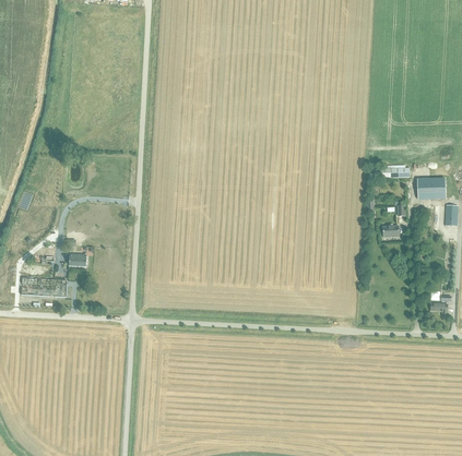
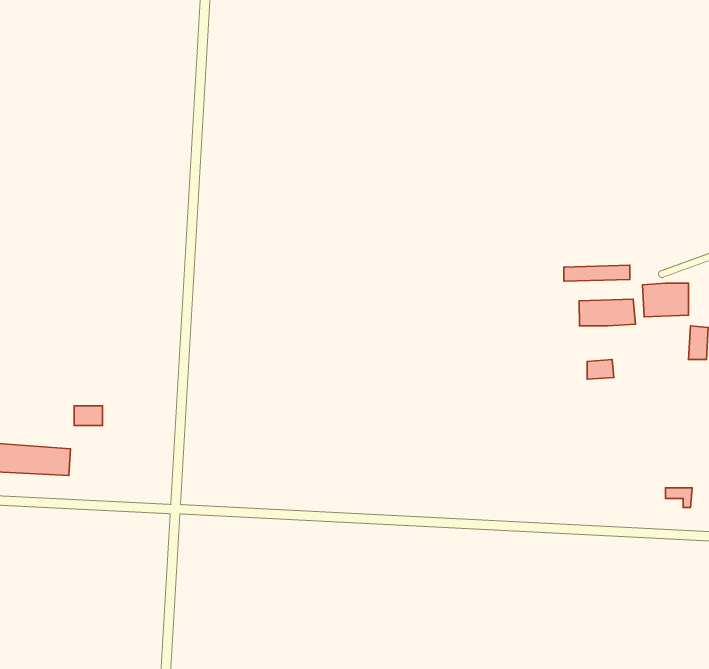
building: none -> [579,299,636,326]

